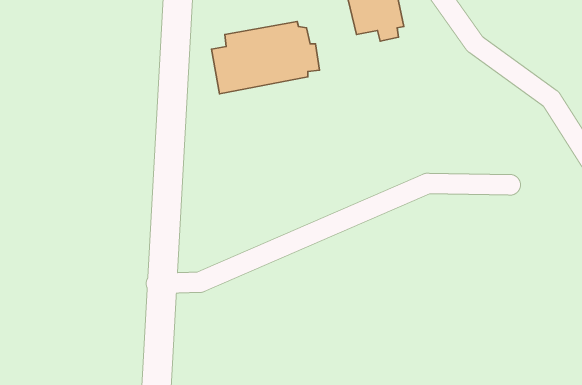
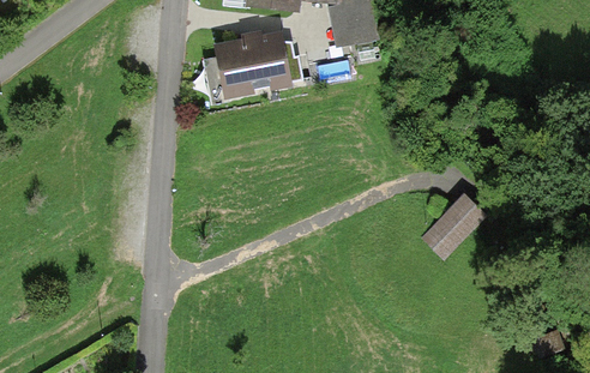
building: none -> [422,189,484,252]

